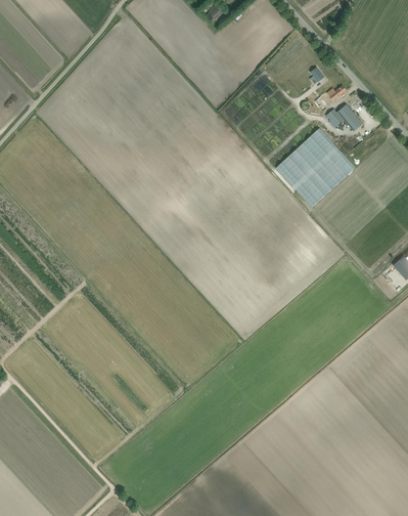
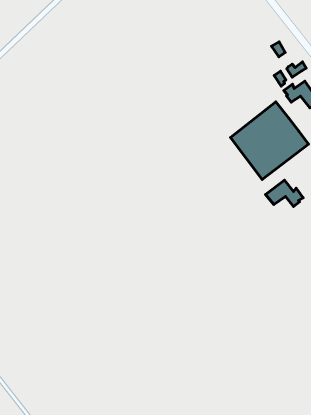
building: none -> [266,180,303,207]

